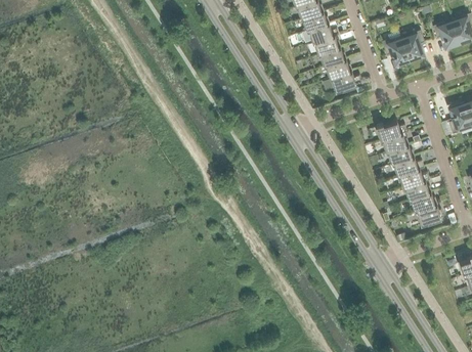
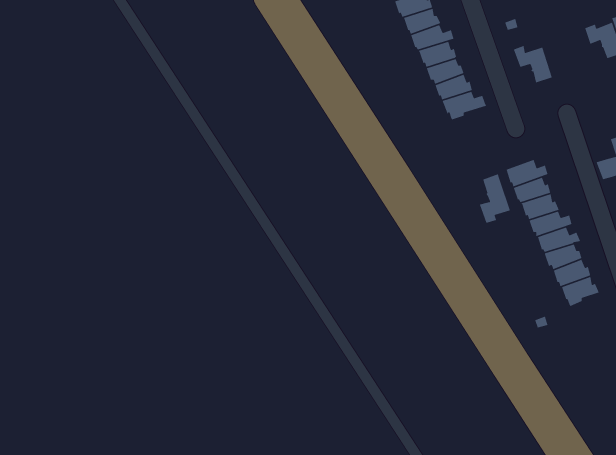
building: [401,29,423,60] -> none
building: none -> [479,173,513,224]

